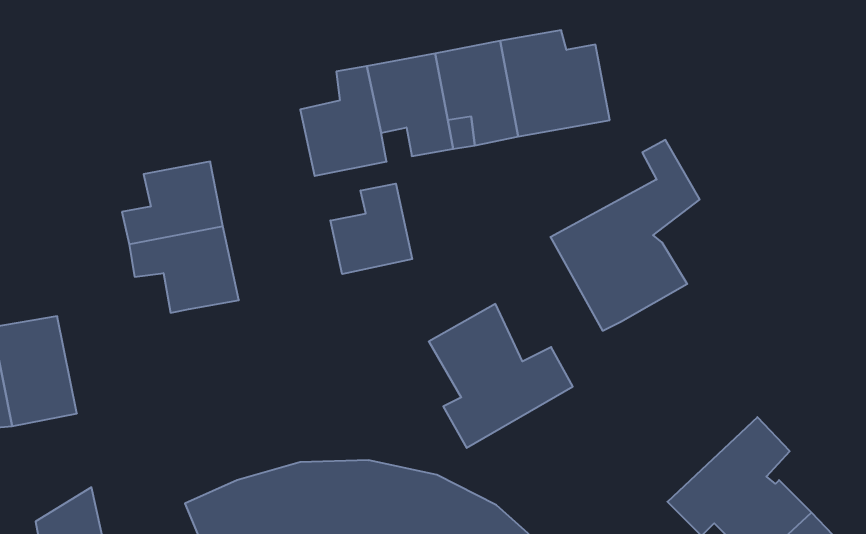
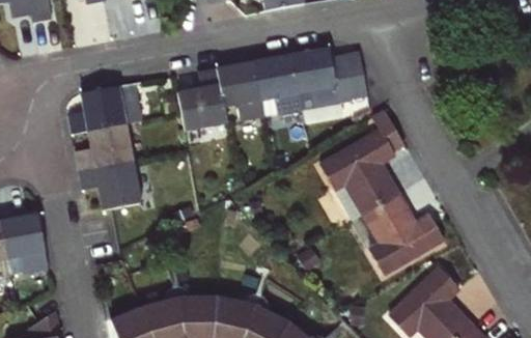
building: none -> [68,83,139,133]
building: [330,184,412,274] -> none
building: [429,304,573,448] -> [362,193,445,276]

